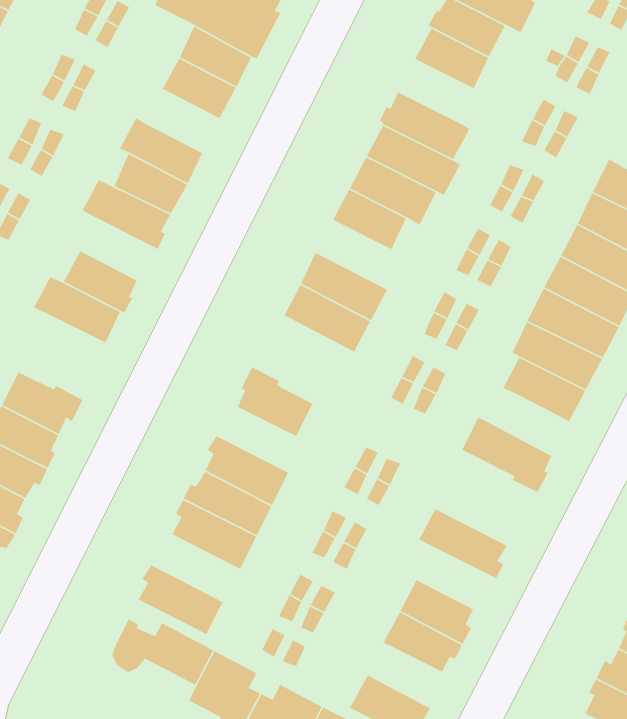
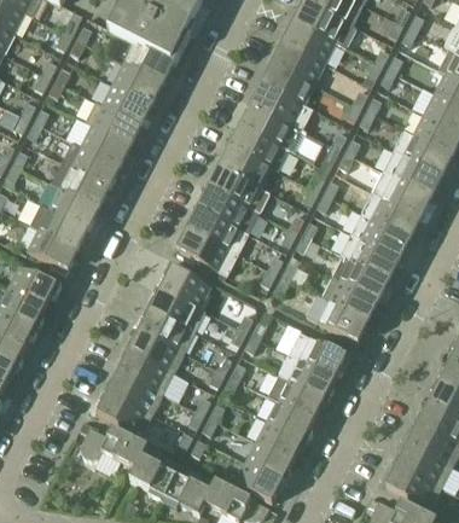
building: none -> [265,63,314,103]
building: none -> [101,82,150,123]
building: none -> [51,161,108,205]
building: none -> [211,167,269,211]
building: none -> [27,227,76,272]
building: none -> [176,228,237,274]
building: none -> [321,275,376,319]
building: none -> [147,287,205,330]
building: none -> [289,331,351,377]
building: none -> [105,370,163,413]
building: none -> [268,373,329,418]
building: none -> [245,440,294,482]

